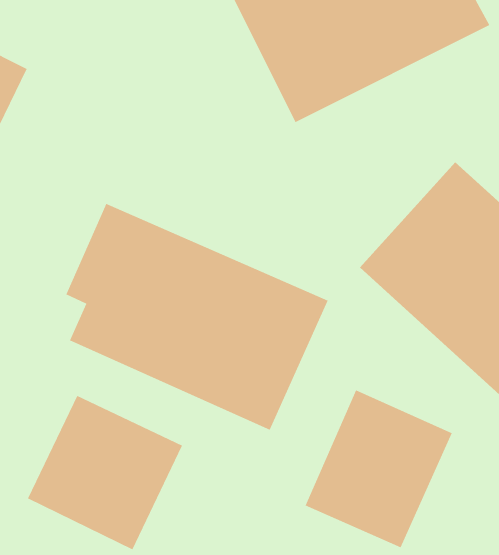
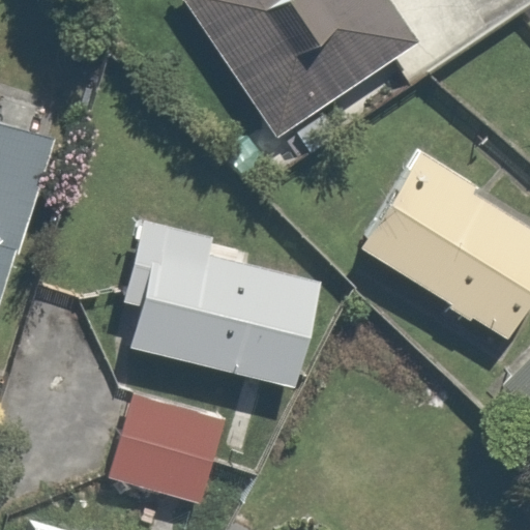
building: [305,390,453,548] -> none

